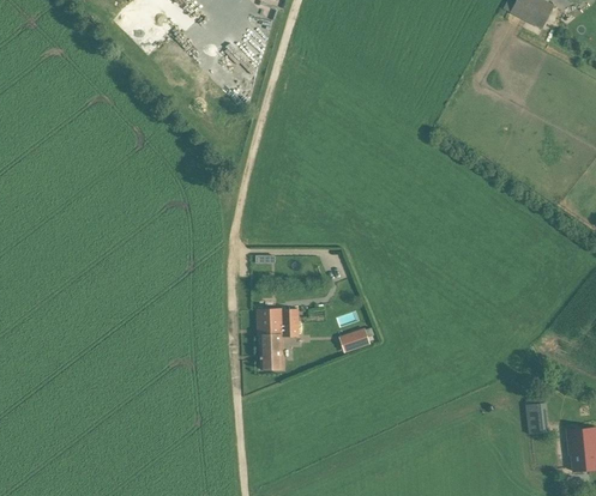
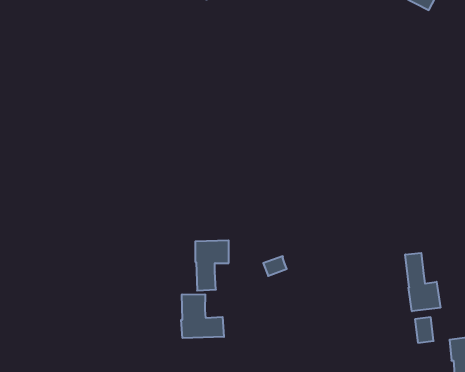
building: none -> [405,253,440,311]
building: none -> [181,294,224,338]

